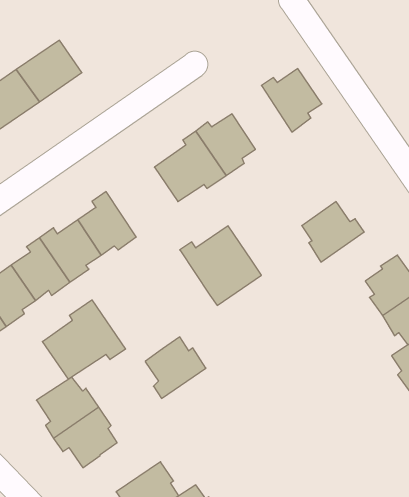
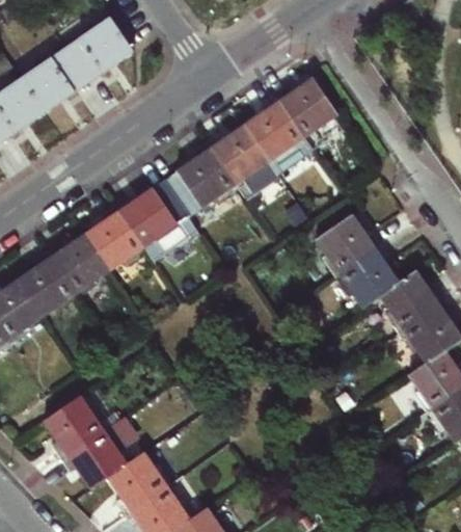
building: none -> [66,18,133,81]
building: none -> [244,95,311,174]
building: [180,226,261,305] -> [114,179,198,261]
building: none -> [335,245,399,309]
building: [42,300,126,379] -> none
building: [145,337,206,398] -> [108,450,170,513]

